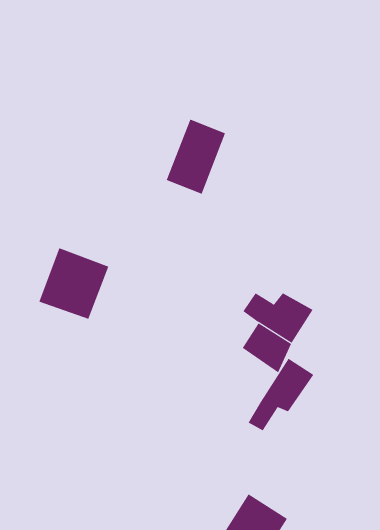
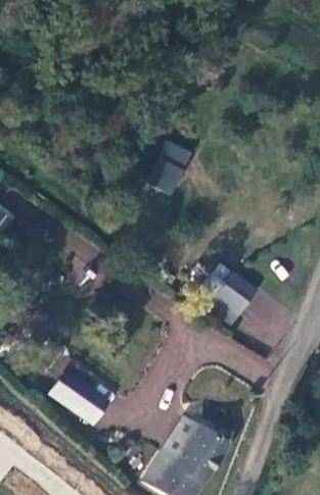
building: [248,358,314,431] -> none
building: none -> [53,367,109,419]

